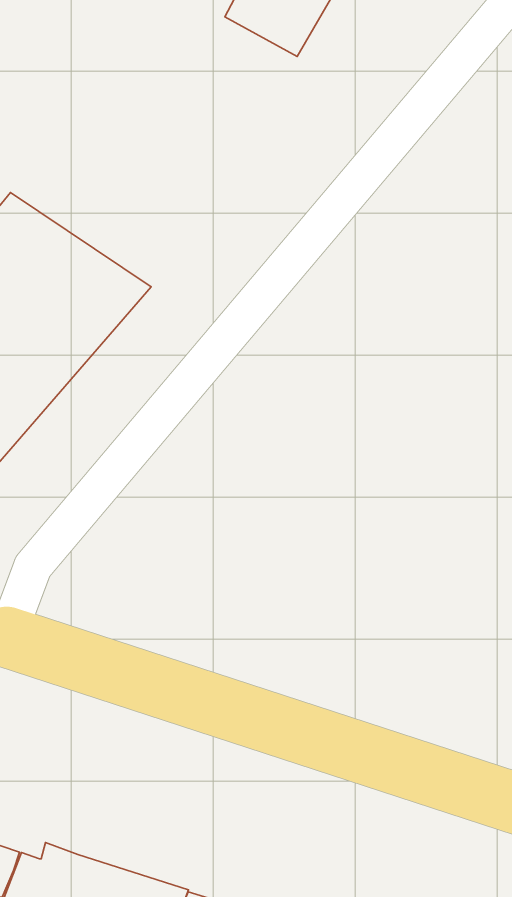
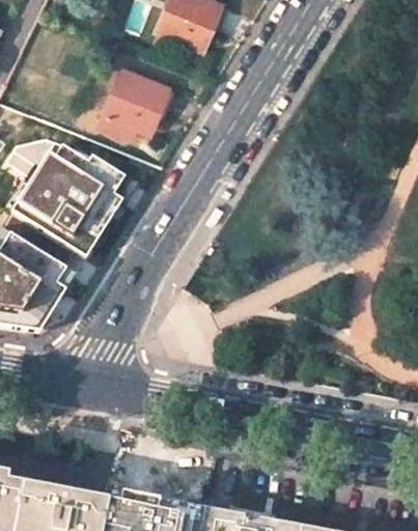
building: none -> [97,71,165,137]

